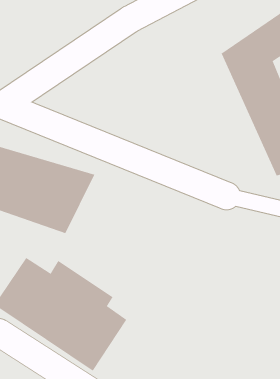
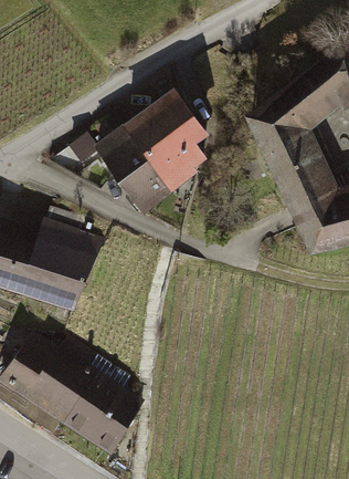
building: none -> [96,88,213,215]

